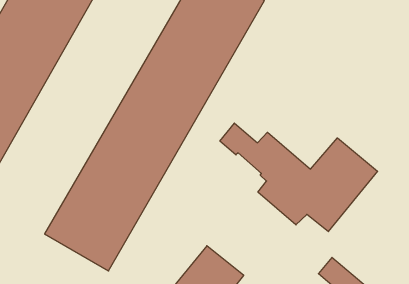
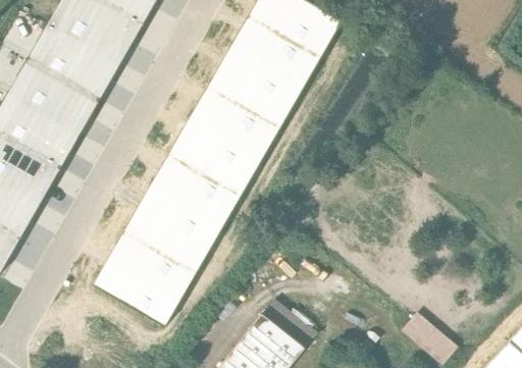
building: [220,123,378,232] -> none

